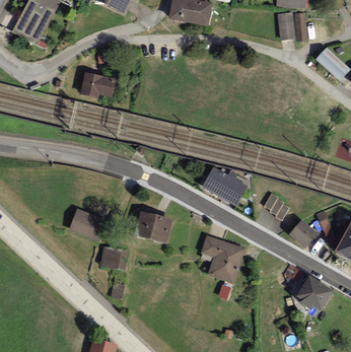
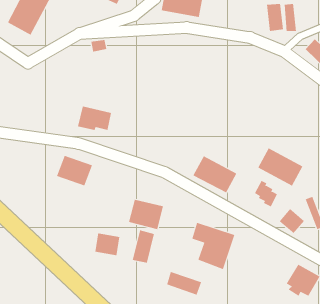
building: [80,71,116,96] -> [77,106,112,131]
building: none -> [257,147,303,187]
building: [69,209,107,240] -> [56,155,93,186]
building: none -> [132,229,155,263]
building: none -> [167,271,202,295]

